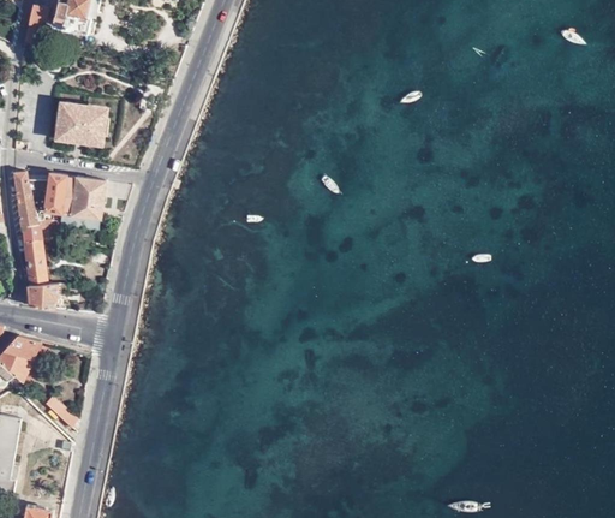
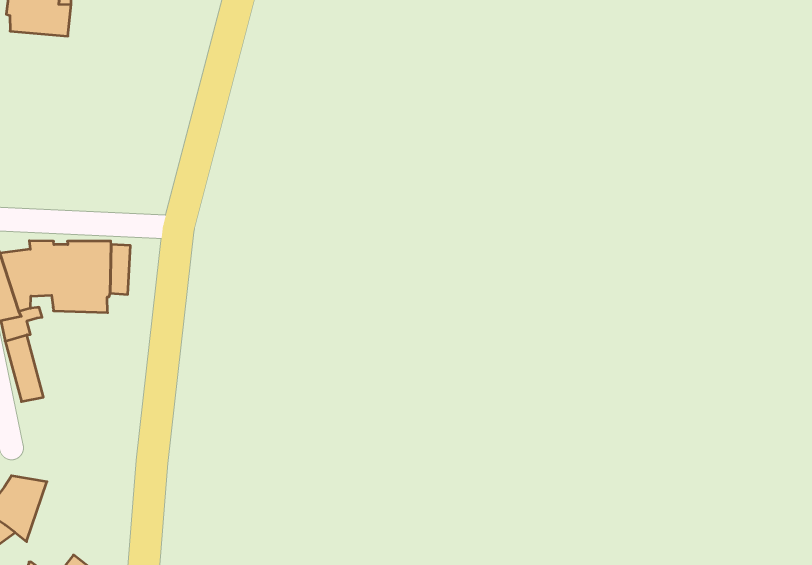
building: [56,103,105,143] -> none
building: [26,281,67,309] -> none

